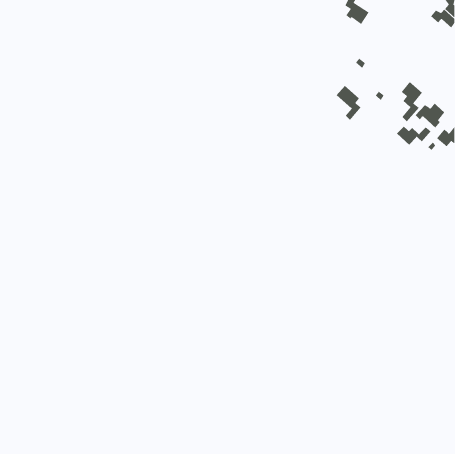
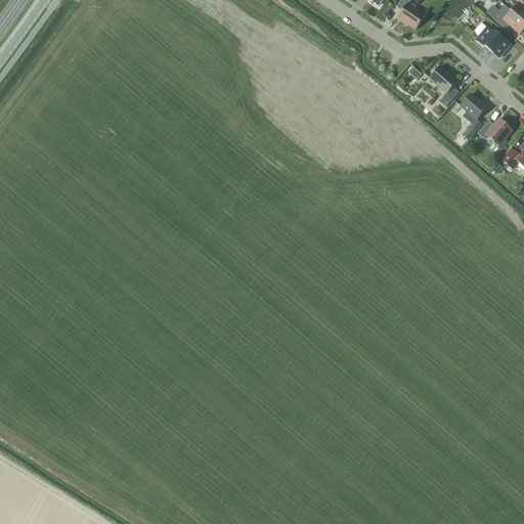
building: none -> [475,27,510,56]
building: [336,85,362,121] -> [429,66,458,106]
building: [396,126,432,145] -> none

